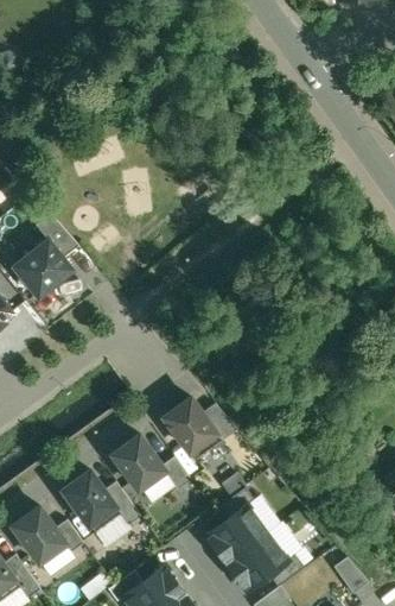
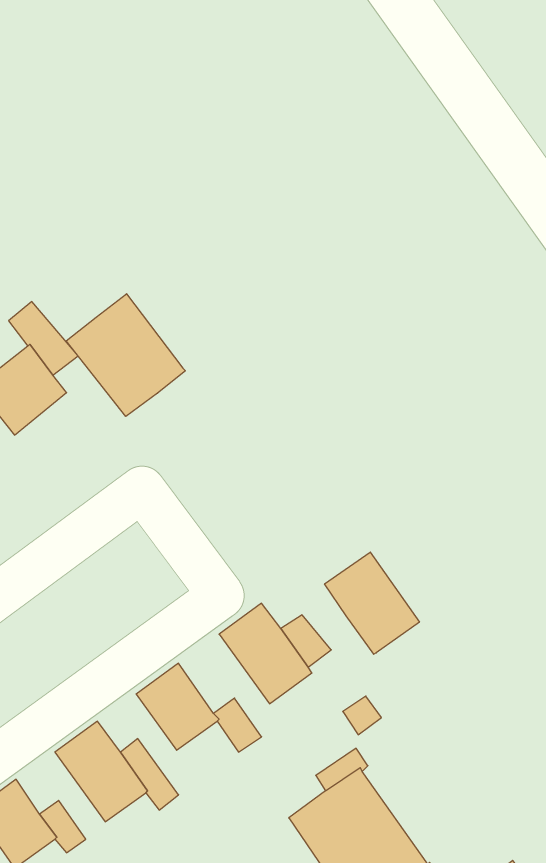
building: none -> [66,294,185,416]
building: none -> [325,552,419,654]

